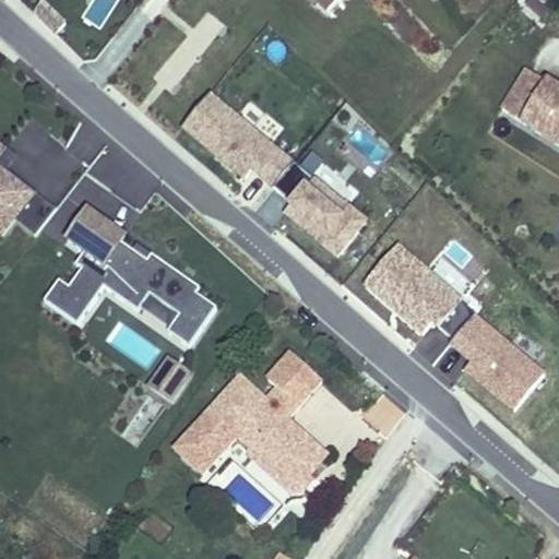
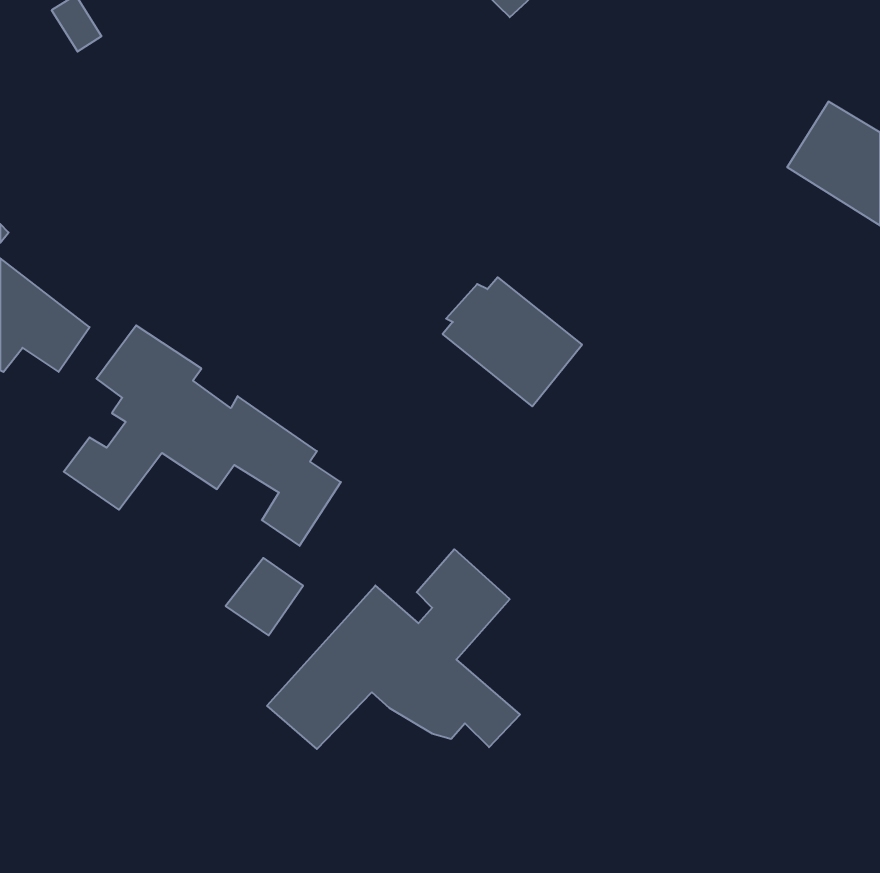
building: [180,91,294,187] -> none
building: [360,243,463,333] -> none
building: [449,312,546,412] -> none
building: [247,449,316,495] -> none

